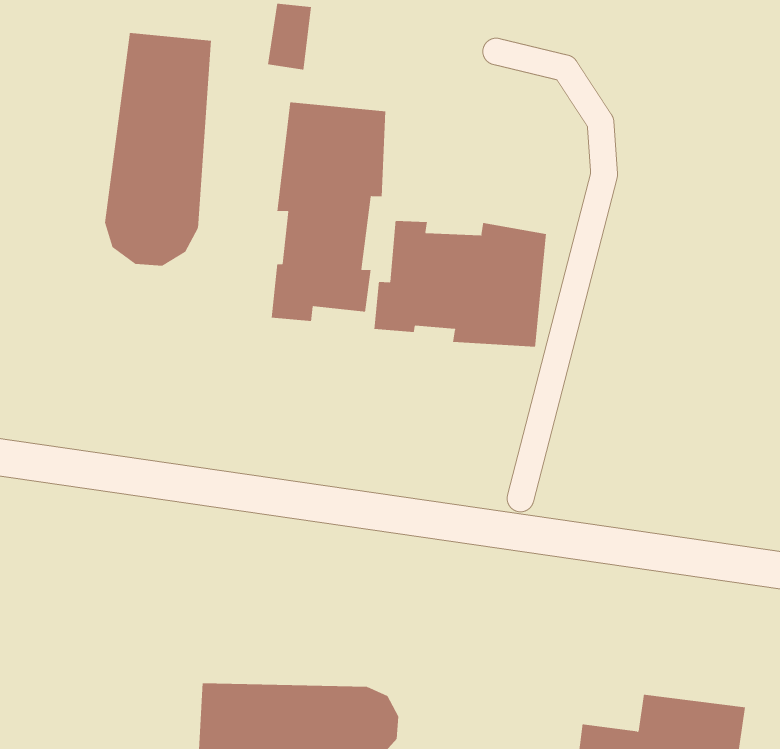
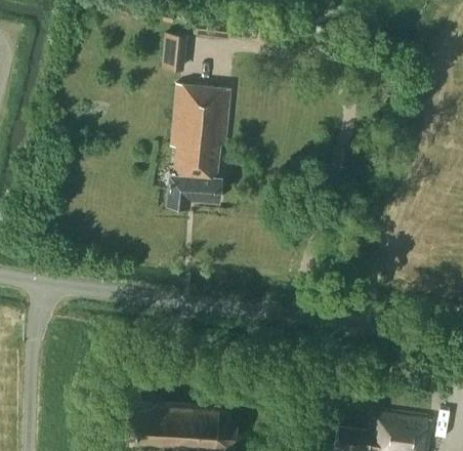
building: [104,32,212,266] -> none
building: [374,220,546,347] -> none

